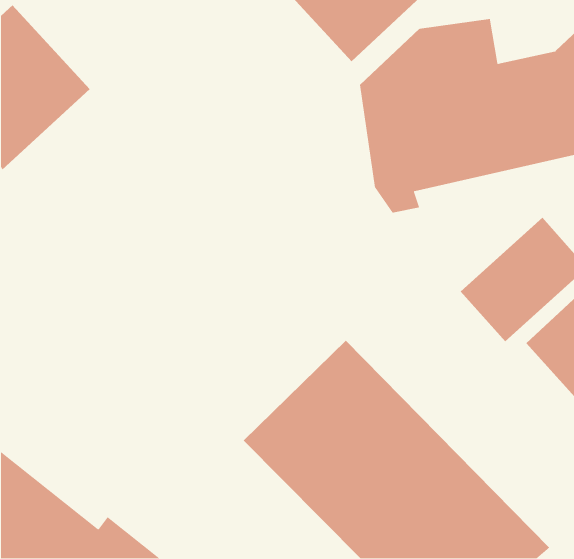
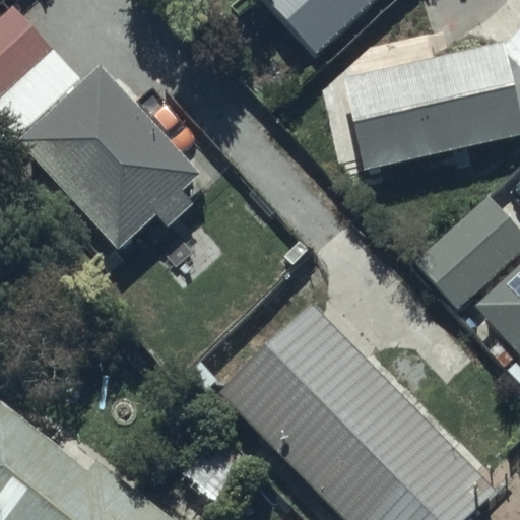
building: none -> [20,69,203,256]

